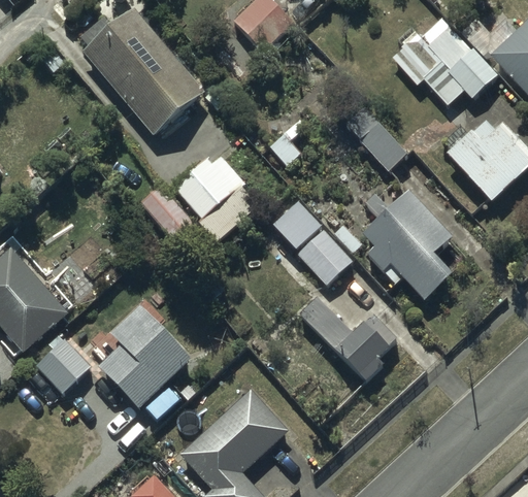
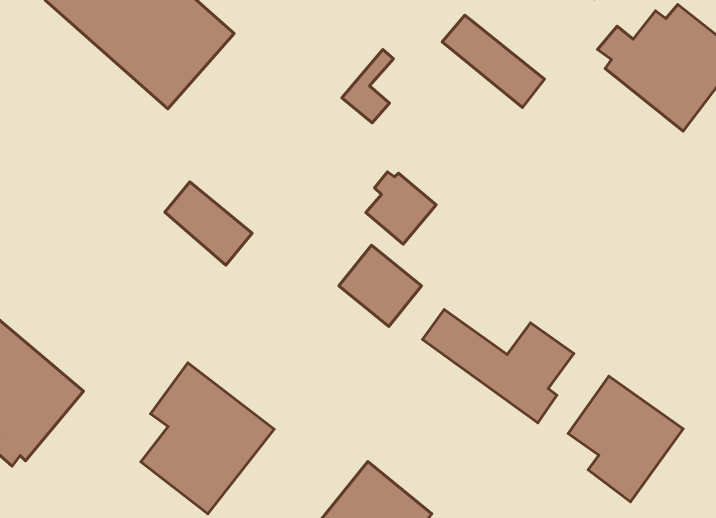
building: [173,157,235,219] -> none
building: [361,189,453,299] -> none
building: [298,229,353,285] -> [339,245,421,327]
building: [36,338,91,393] -> none
building: none -> [568,376,683,502]

